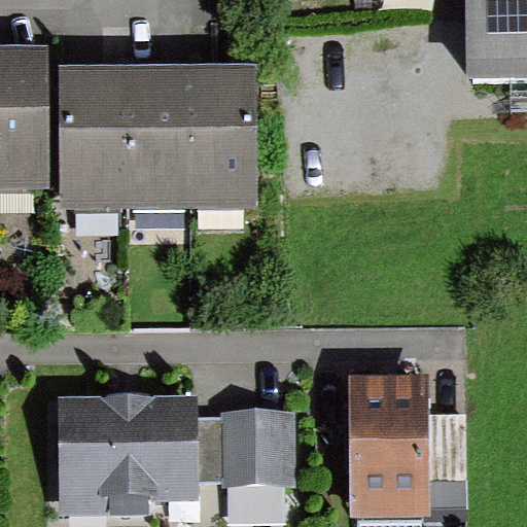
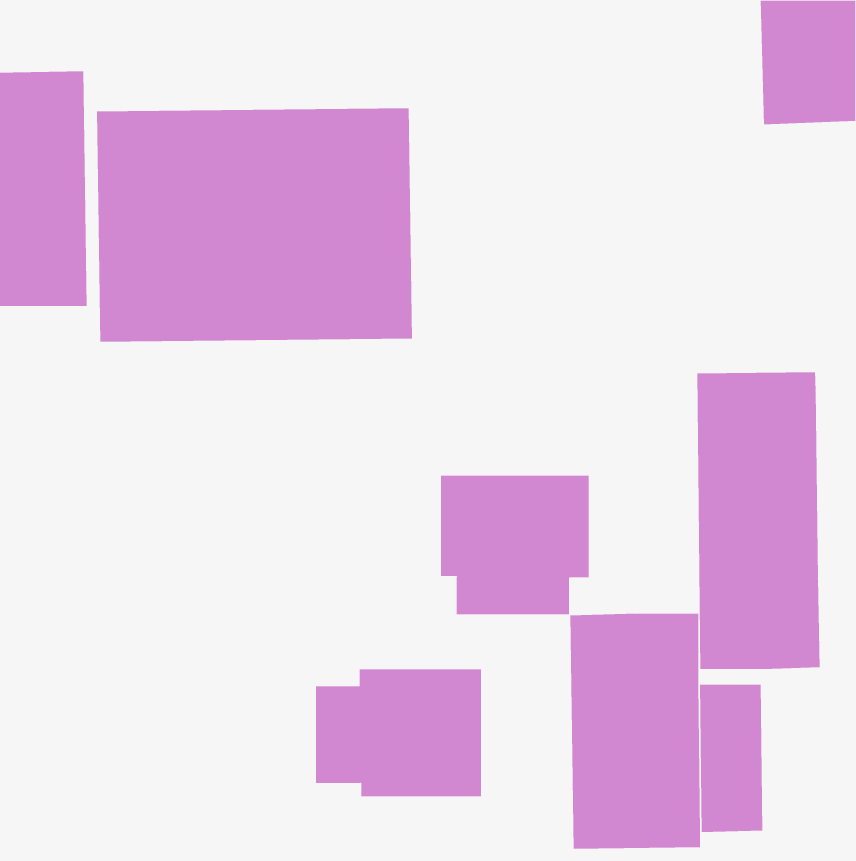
building: none -> [697,372,820,670]
building: none -> [441,475,589,615]
building: [58,396,192,513] -> none

